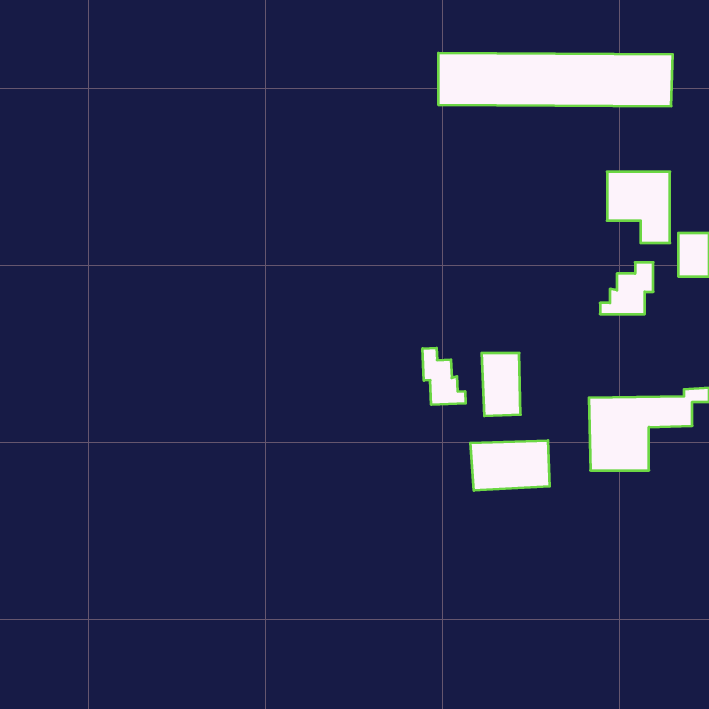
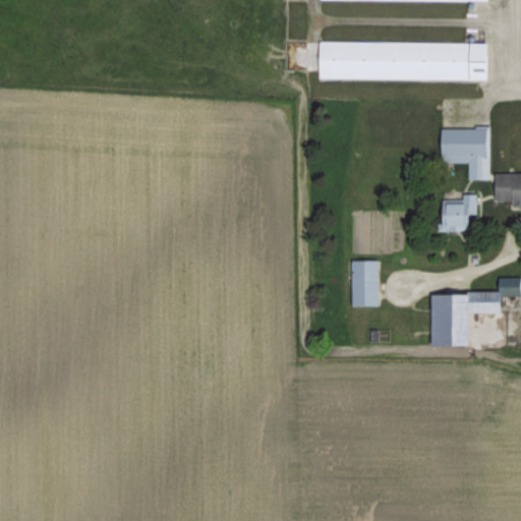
building: [423,348,466,405] -> none
building: [470,440,550,491] -> none

